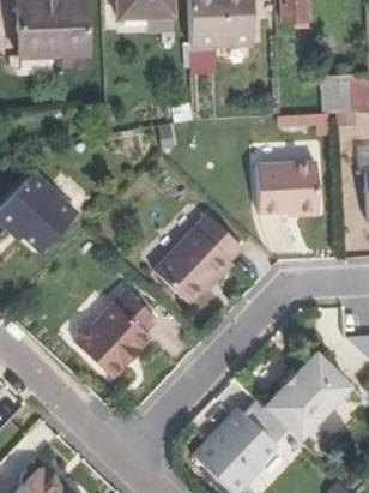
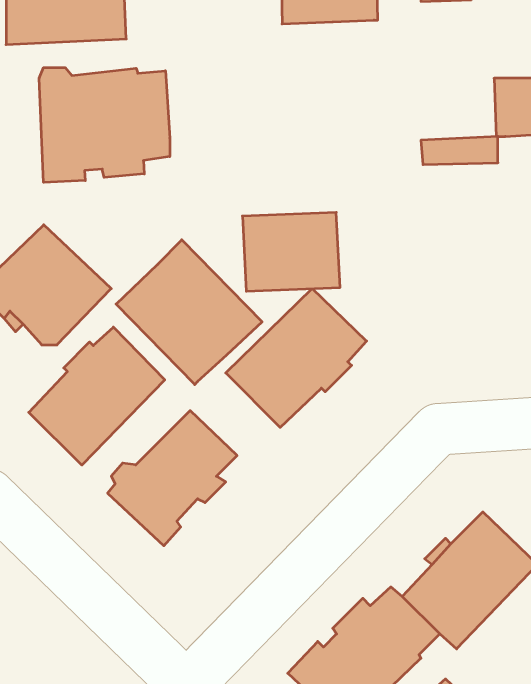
building: none -> [39,68,170,182]
building: [258,160,320,210] -> [242,212,340,291]
building: none -> [116,240,262,385]
building: none -> [29,327,165,465]

